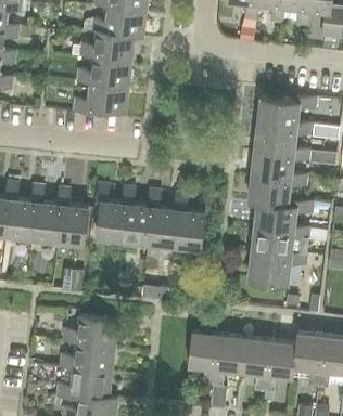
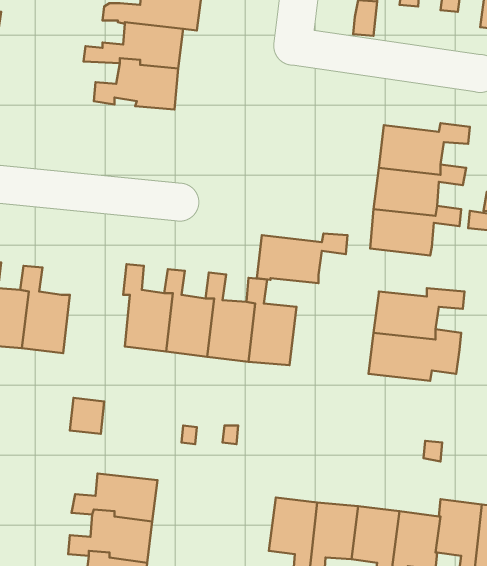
building: [74,78,128,113] -> none
building: [249,172,306,204] -> [257,234,348,283]
building: [56,187,88,243] -> none
building: [249,250,306,283] -> none

